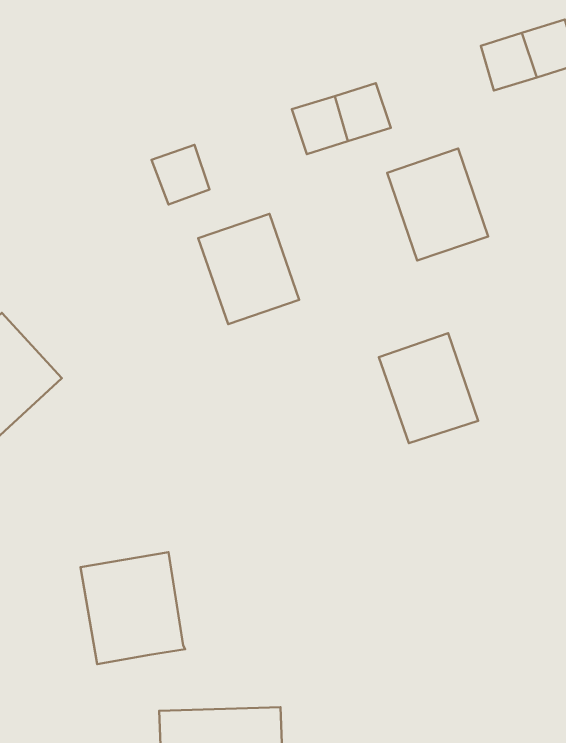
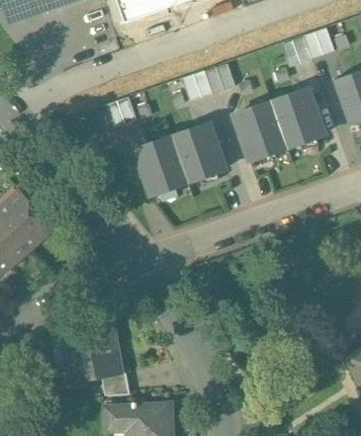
building: none -> [269,89,323,150]
building: [379,333,478,443] -> [167,124,220,184]
building: none -> [102,370,130,395]

